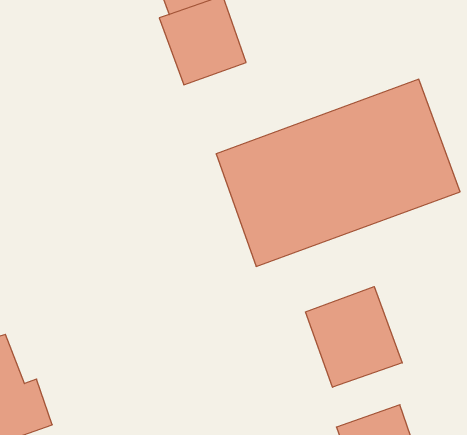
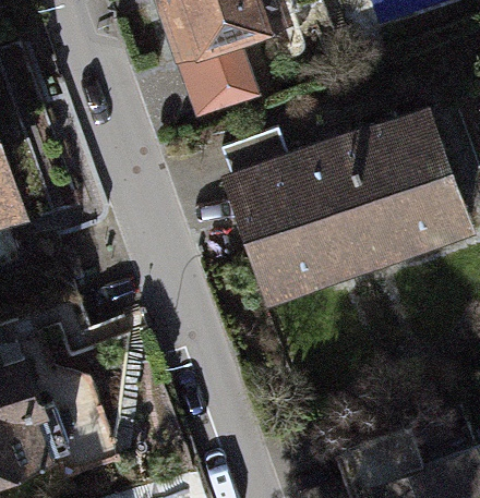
building: [305,287,402,387] -> none

